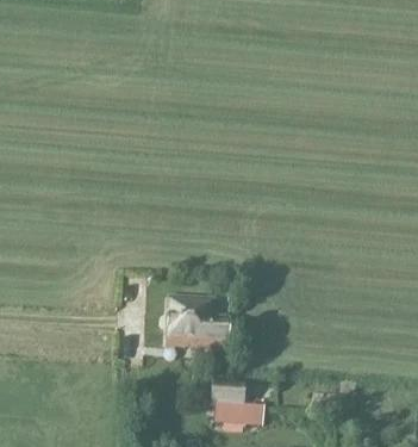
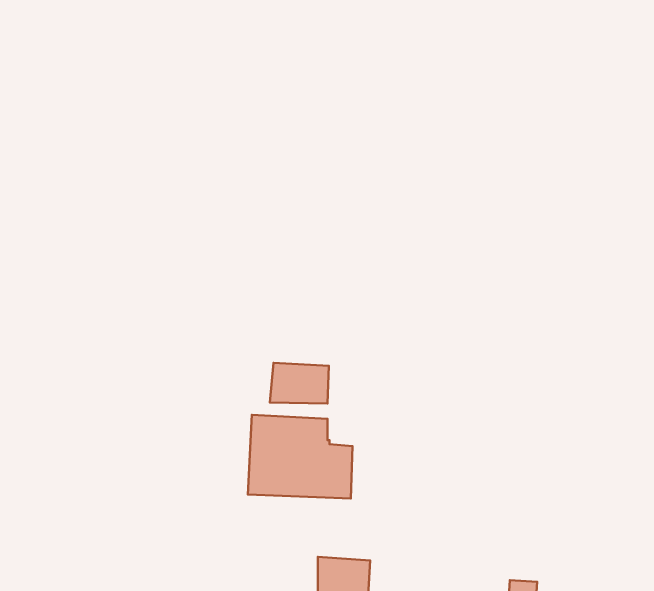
building: none -> [270,363,329,404]

